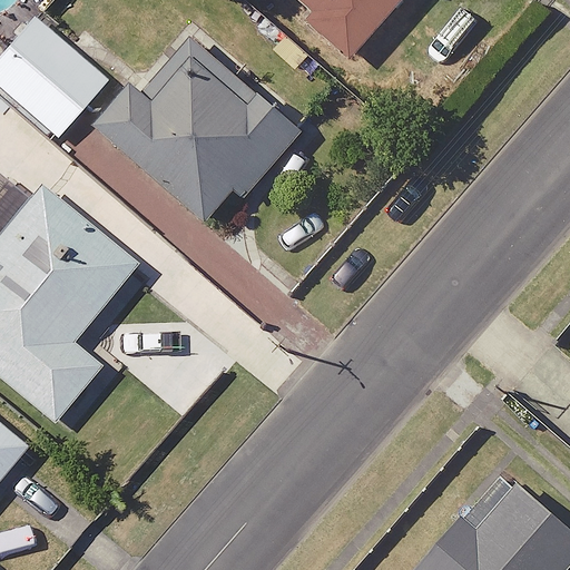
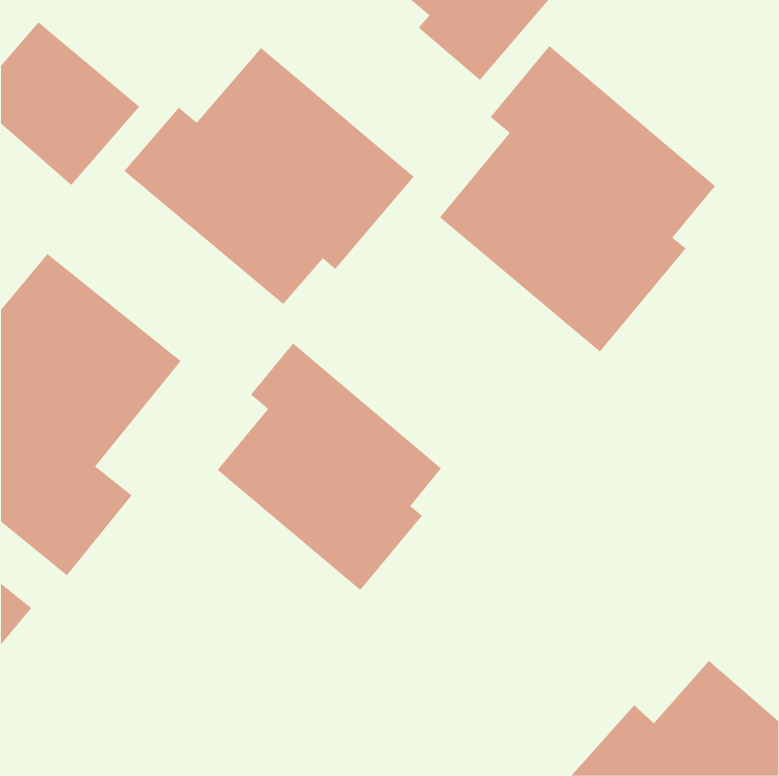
building: none -> [439,45,716,352]
building: none -> [217,343,442,591]

